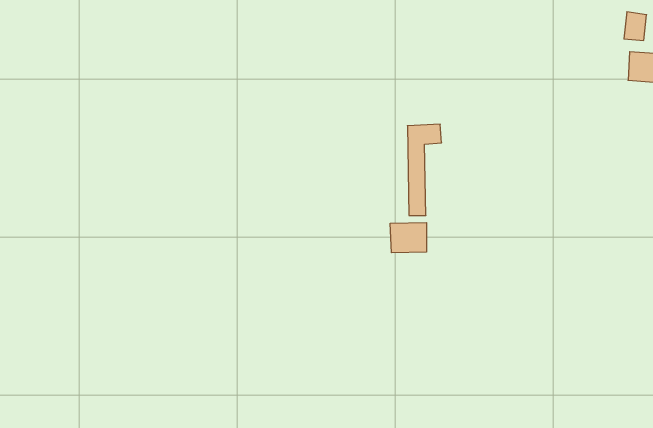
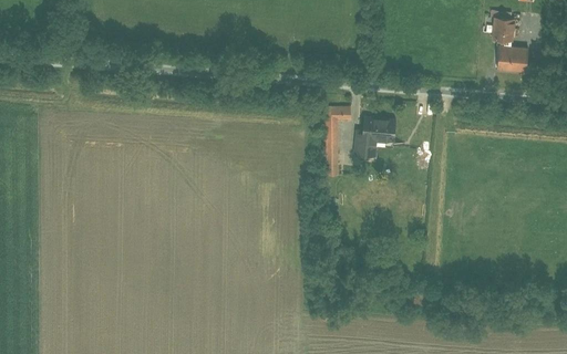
building: none -> [362,115,395,147]
building: [390,223,427,253] -> none

